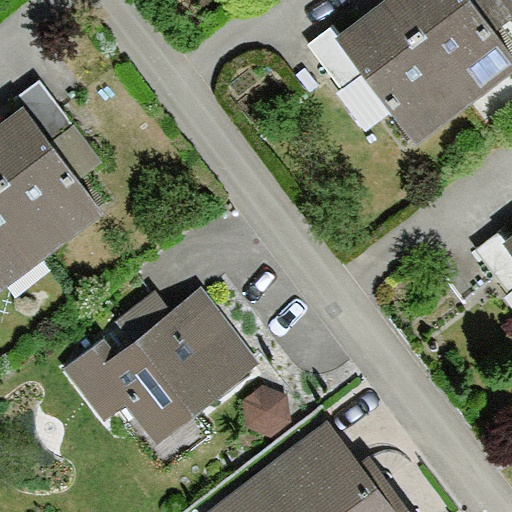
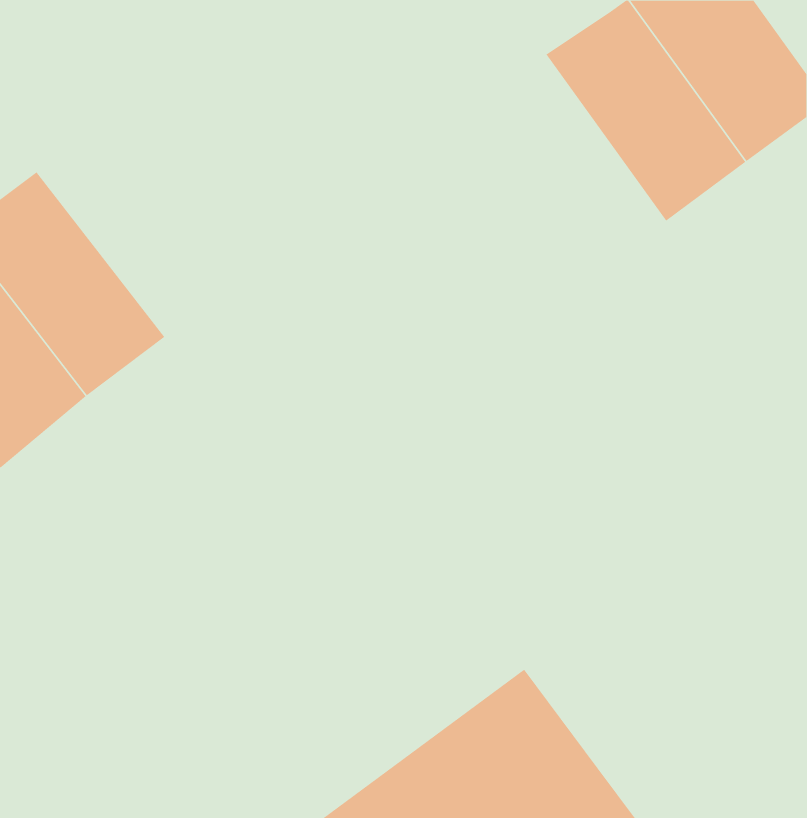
building: [73,304,255,447] -> none

